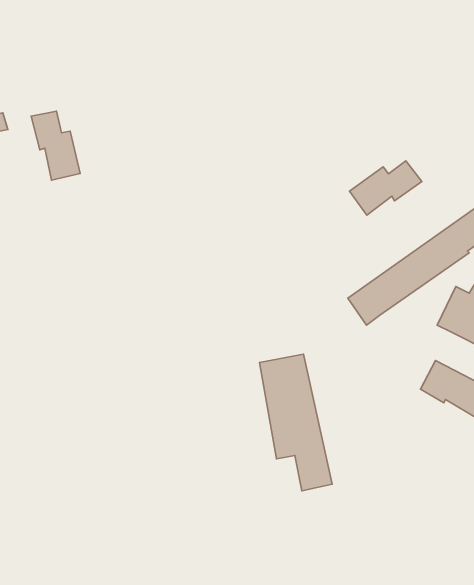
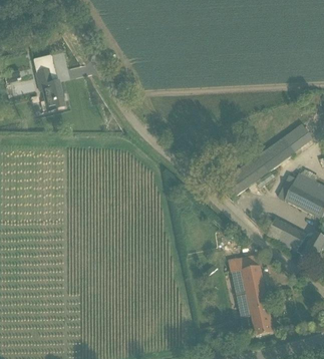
building: [350,161,422,215] -> none
building: [260,354,332,491] -> [232,255,275,336]

